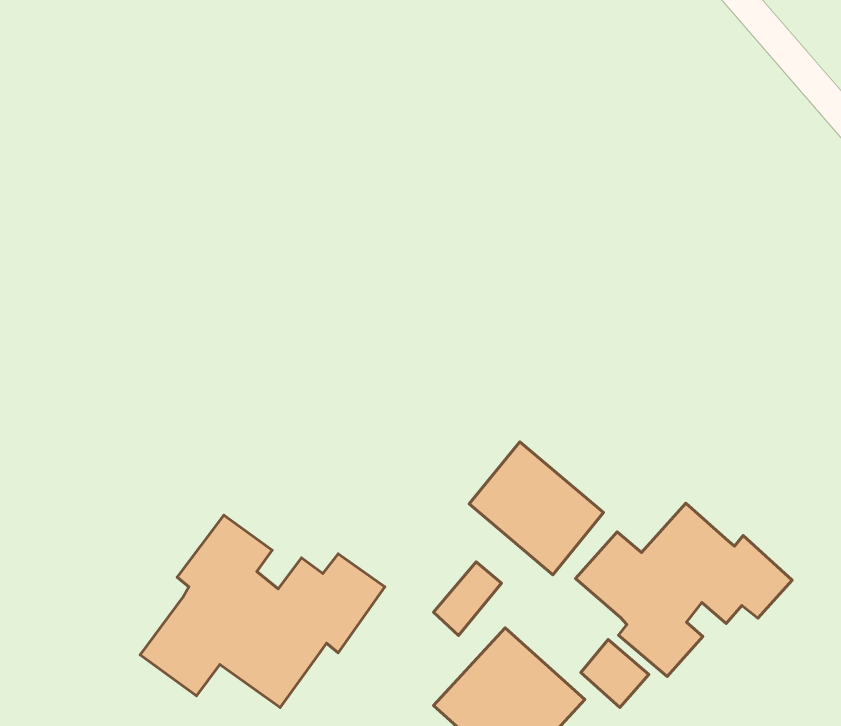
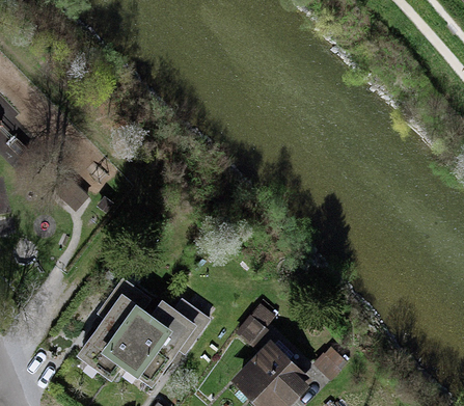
building: [469,442,604,575] -> none
building: [576,503,792,677] -> none

